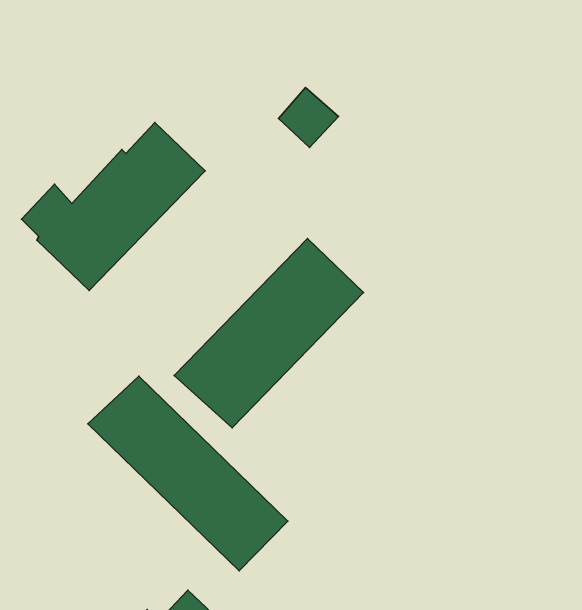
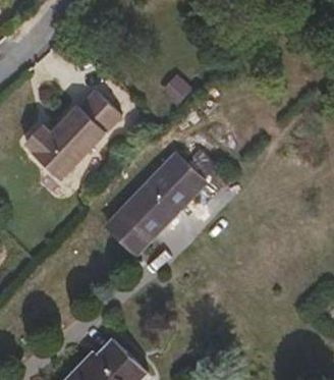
building: [88,376,288,571] -> none

